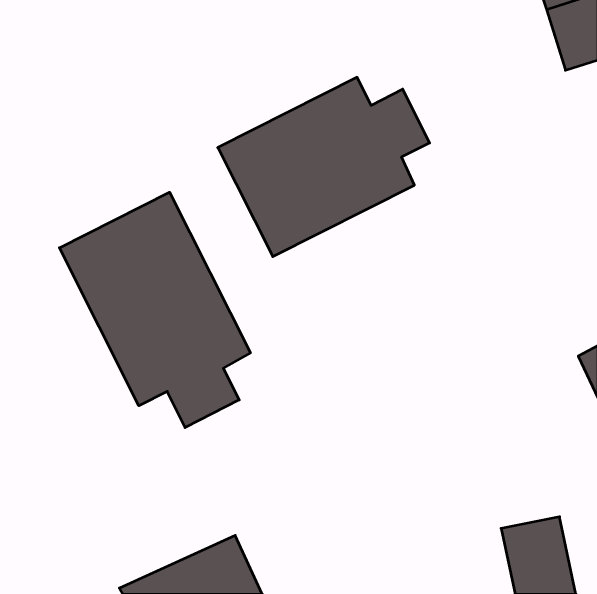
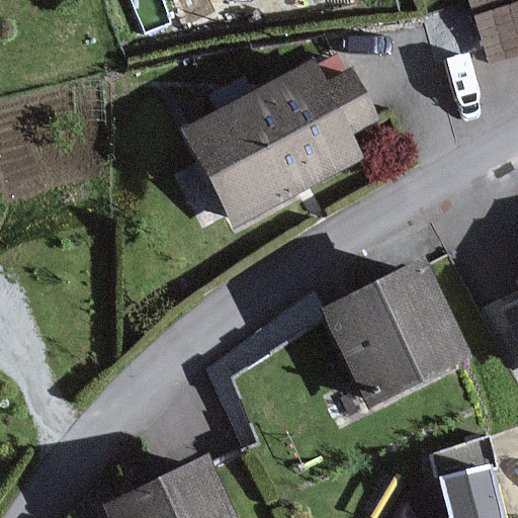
building: [59,192,250,428] -> none
building: none -> [325,268,463,405]

